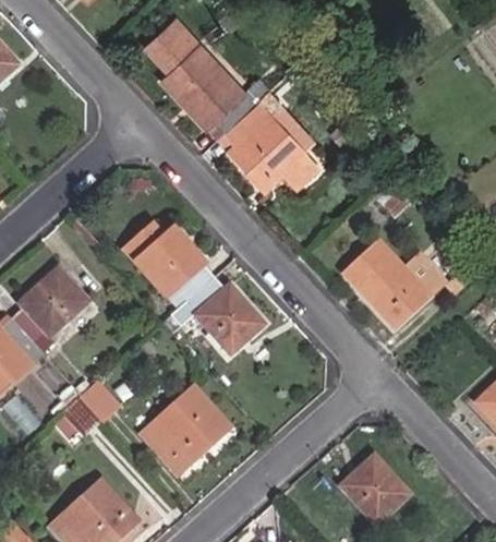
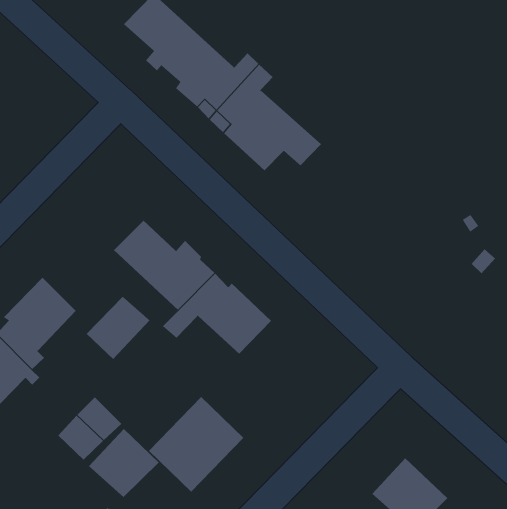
building: [346,242,441,326] -> none
building: none -> [86,296,150,360]
building: none -> [88,428,159,498]

